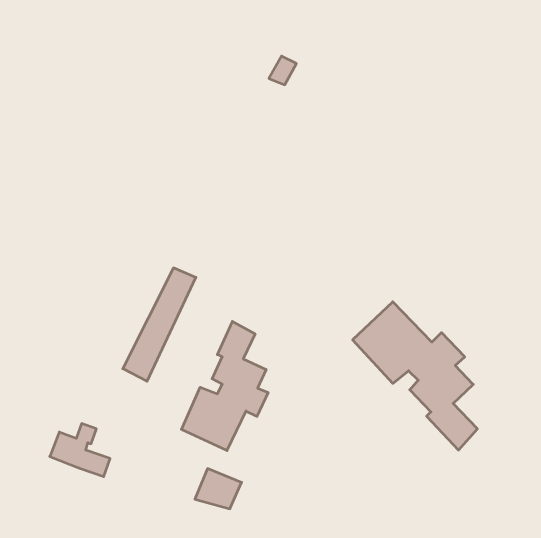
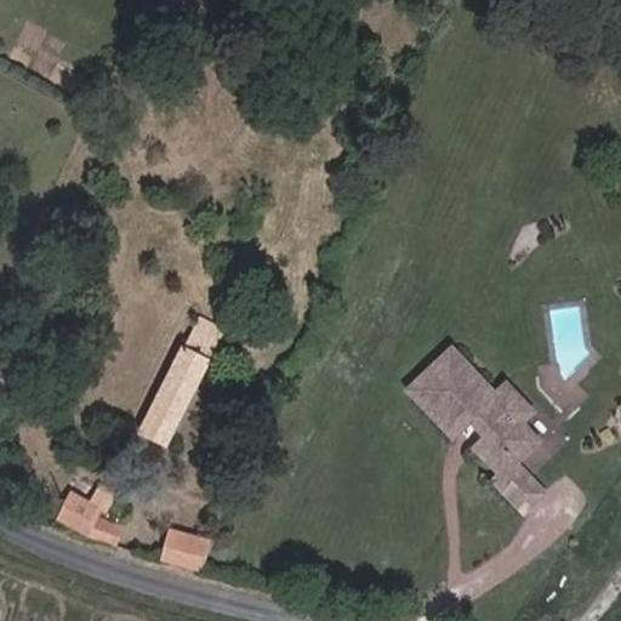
building: [181,321,268,451] -> none
building: [195,469,242,509] -> [163,525,216,571]

